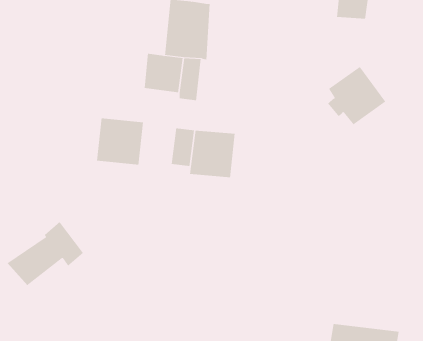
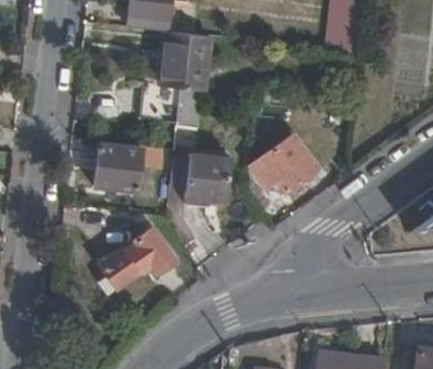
building: [327,66,386,125] -> [261,135,318,192]
building: [7,221,84,286] -> [96,229,171,291]

